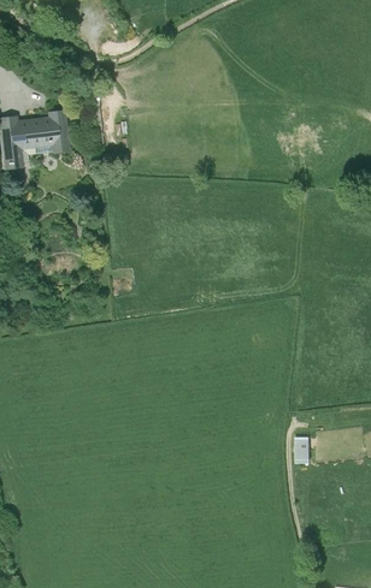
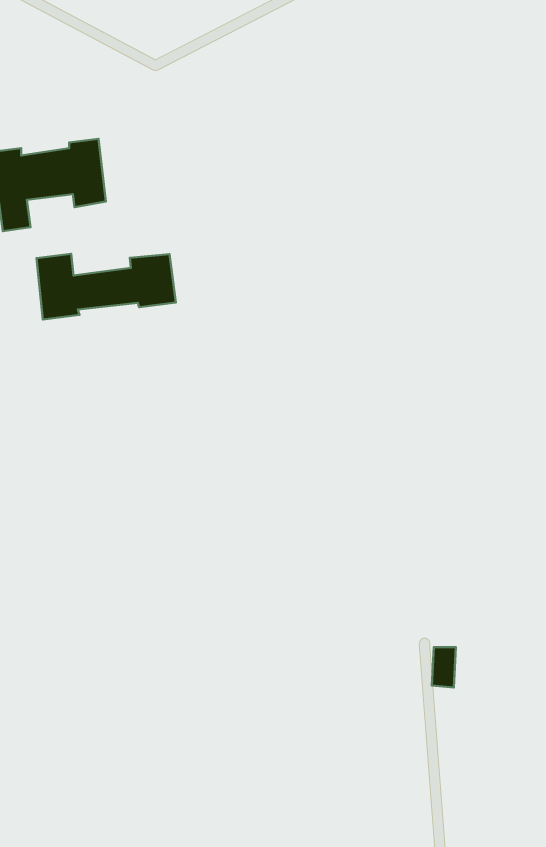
building: none -> [37,254,176,319]

